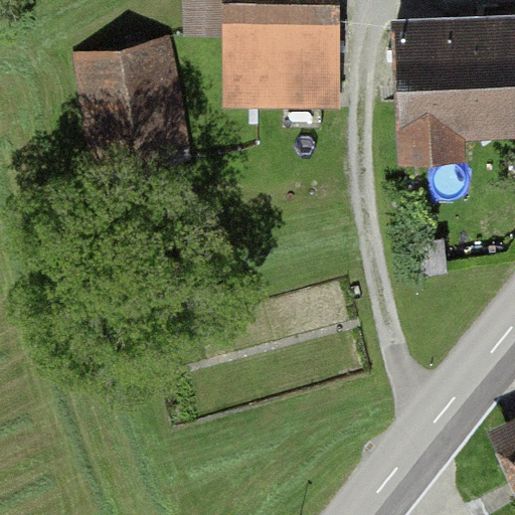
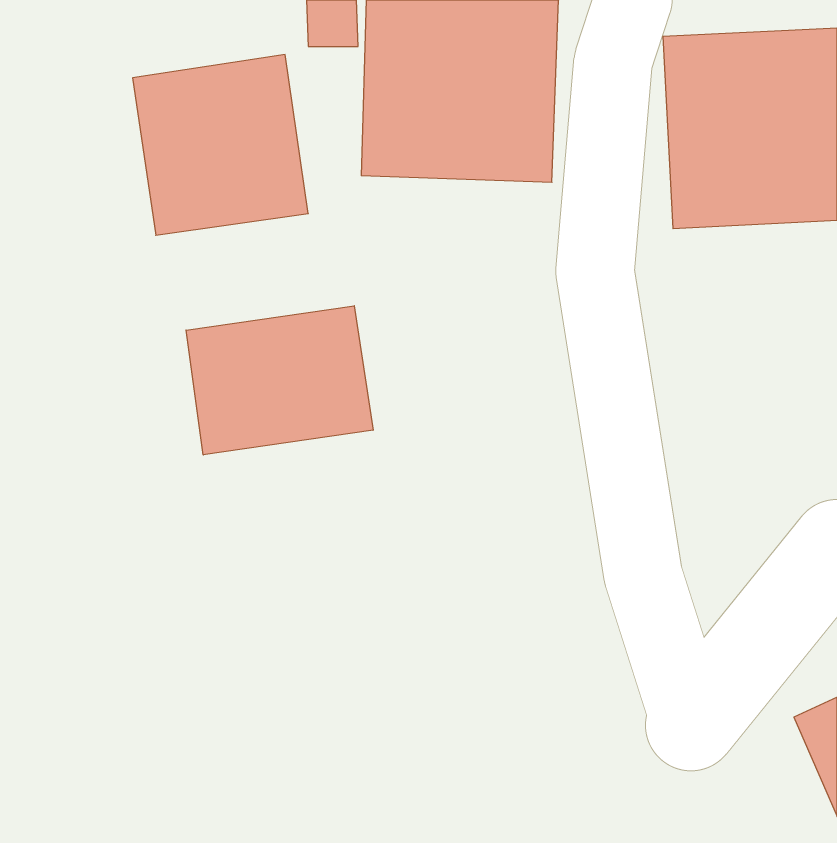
building: none -> [186,306,373,455]

